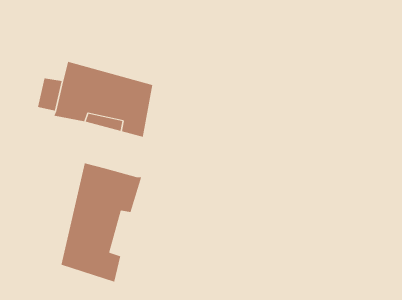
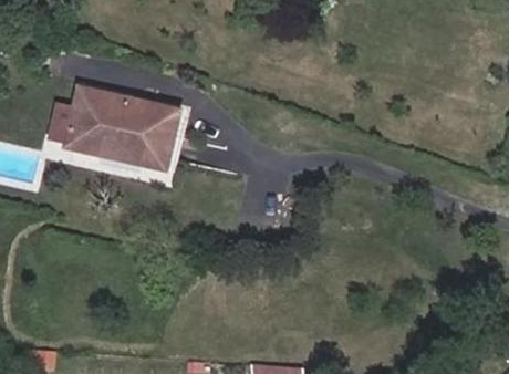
building: [61,163,142,282] -> none

